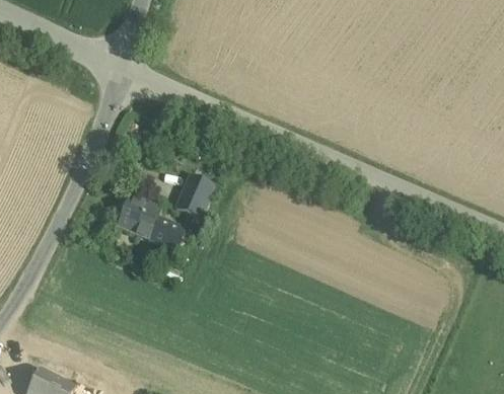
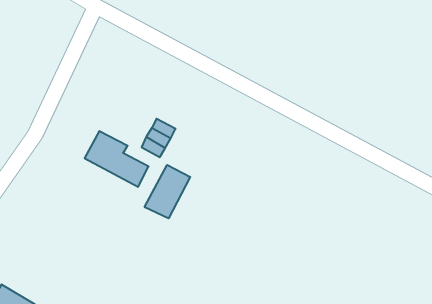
building: none -> [145,165,190,218]

